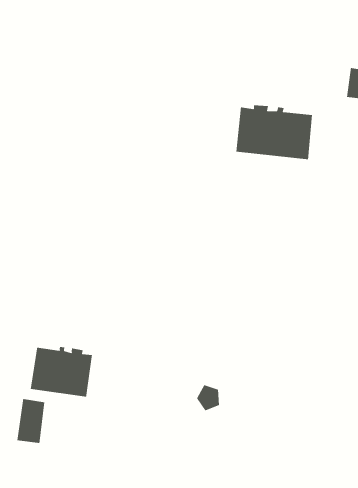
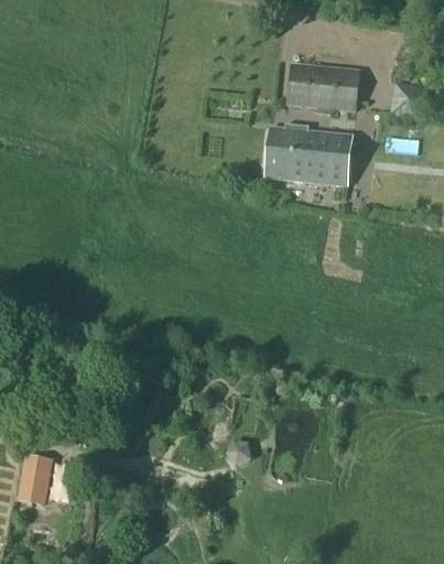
building: none -> [290,64,356,109]
building: [30,346,93,398] -> none

